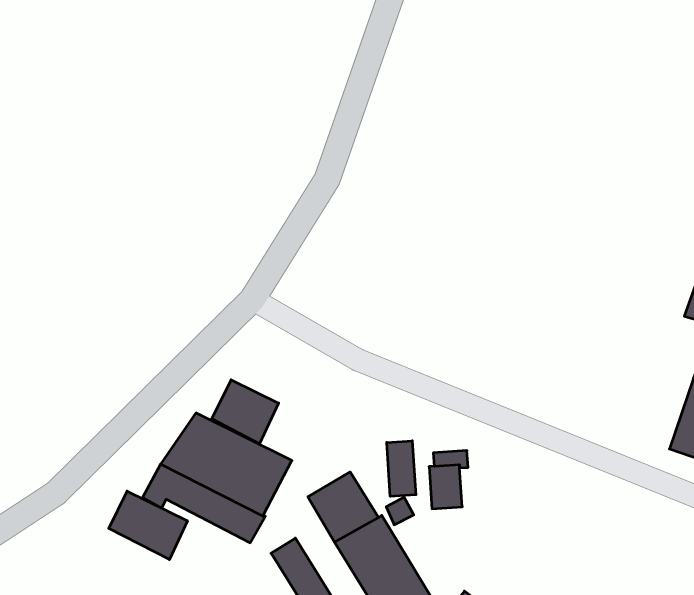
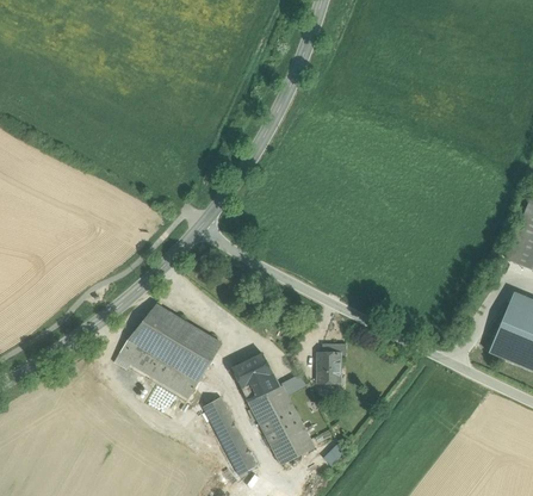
building: [212,380,279,444] -> none
building: [387,441,416,496] -> none
building: [109,491,187,560] -> none

